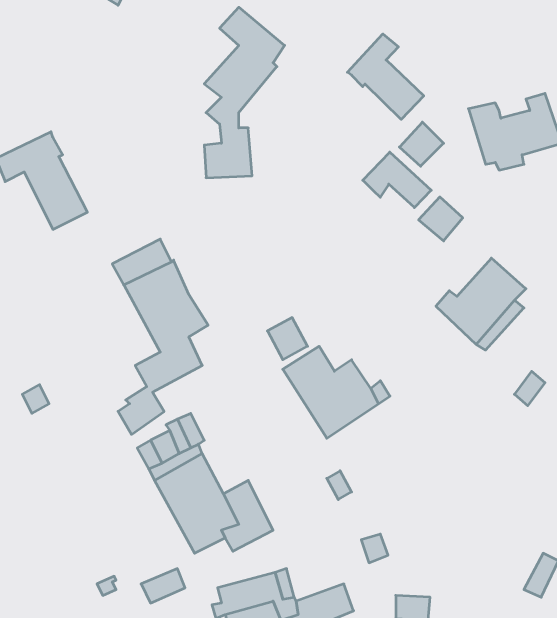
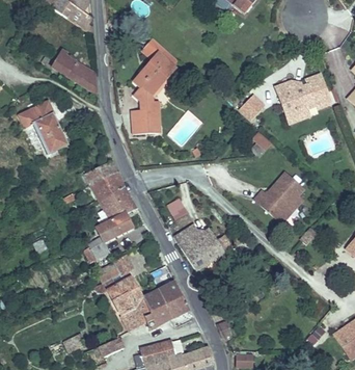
building: [347,34,424,119] -> none
building: none -> [48,49,94,95]
building: [363,152,431,208] -> none
building: none -> [156,280,188,316]

